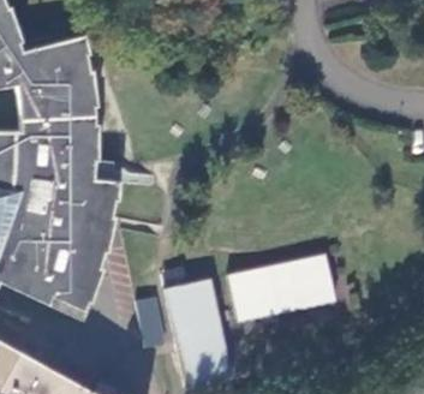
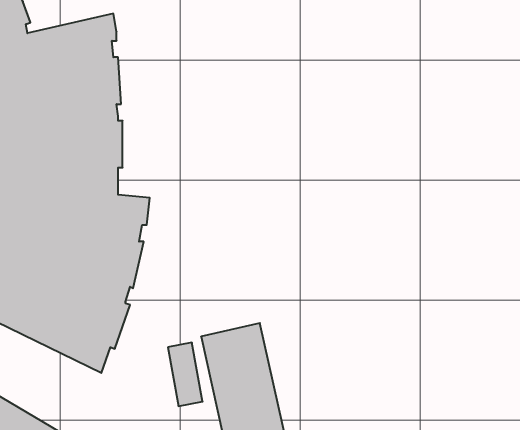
building: [227,253,334,321] -> none

